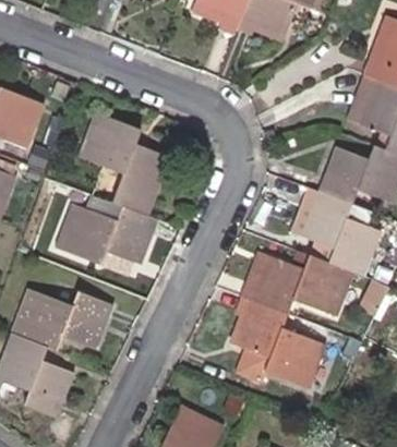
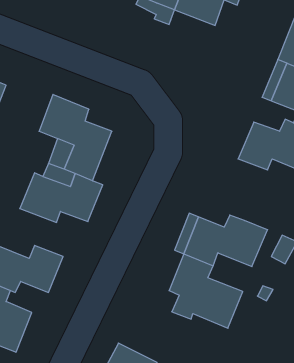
building: [300,190,377,277] -> none

